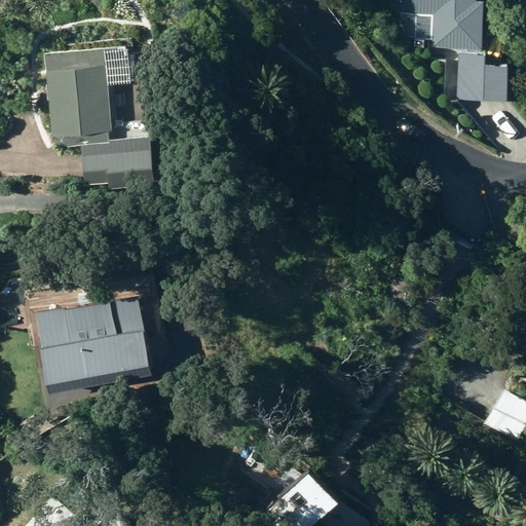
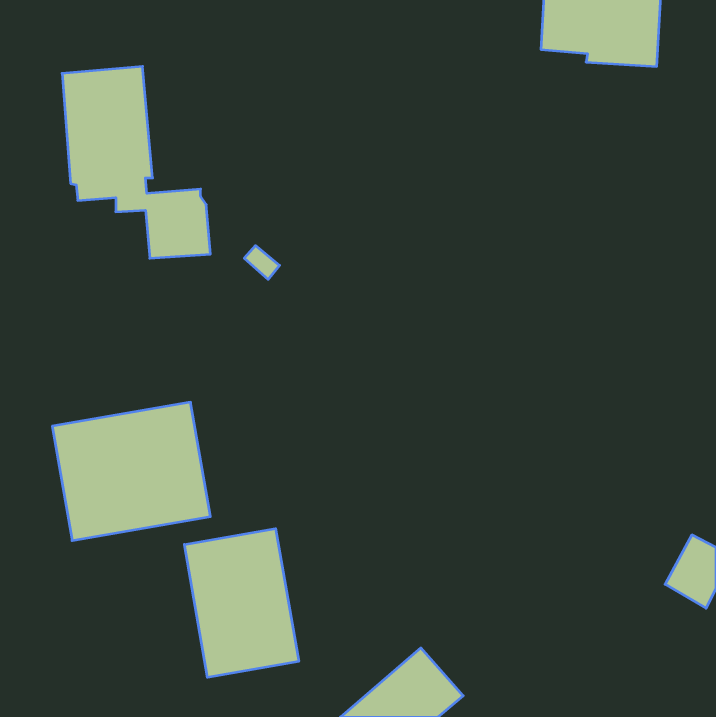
building: [451,54,506,100] -> none
building: none -> [184,529,299,677]

